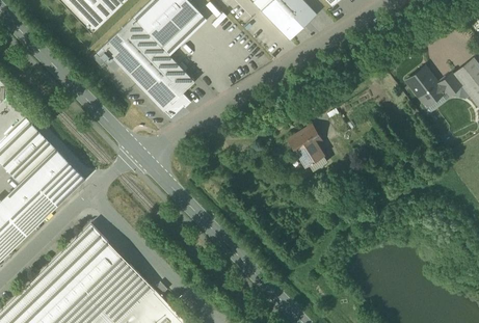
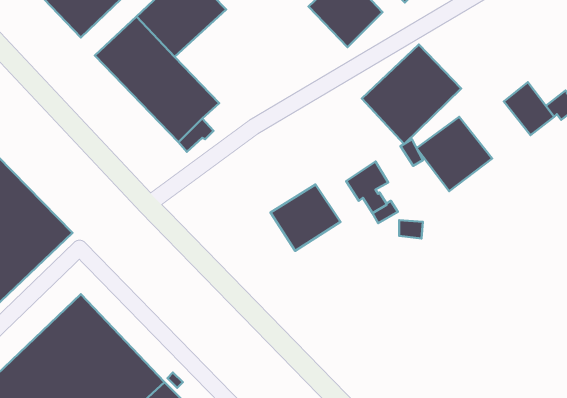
building: none -> [362,44,461,144]
building: none -> [416,117,492,191]
building: none -> [271,185,341,251]

